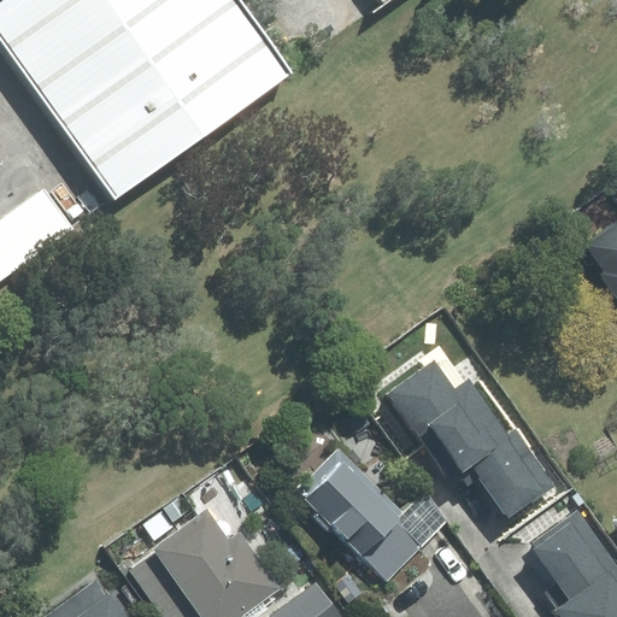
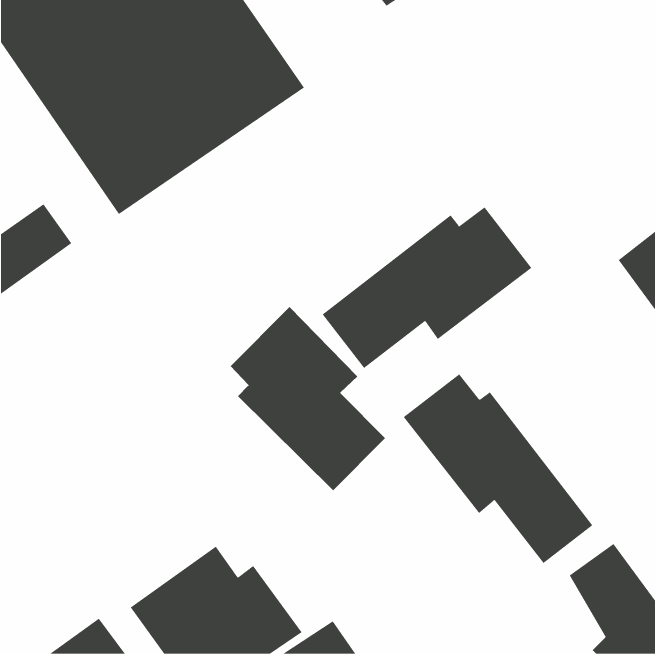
building: none -> [322,207,532,369]
building: none -> [230,306,386,491]
building: [293,445,449,576] -> none

